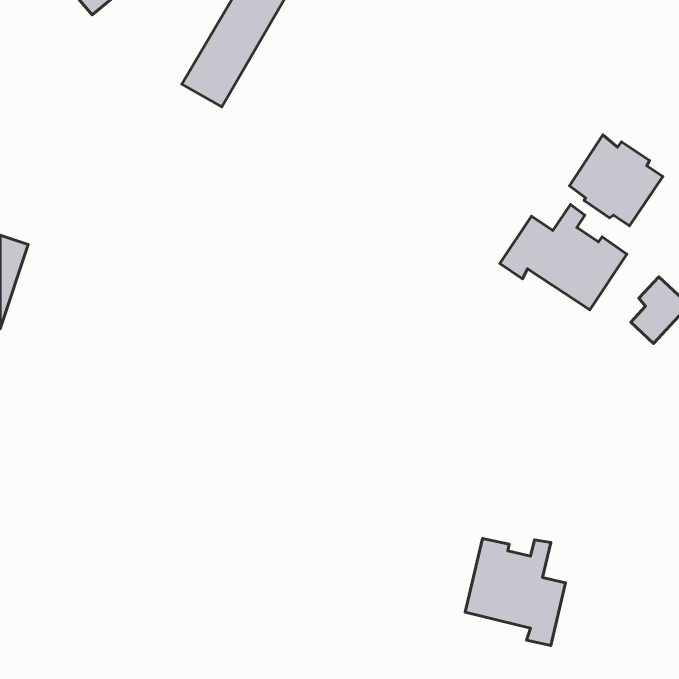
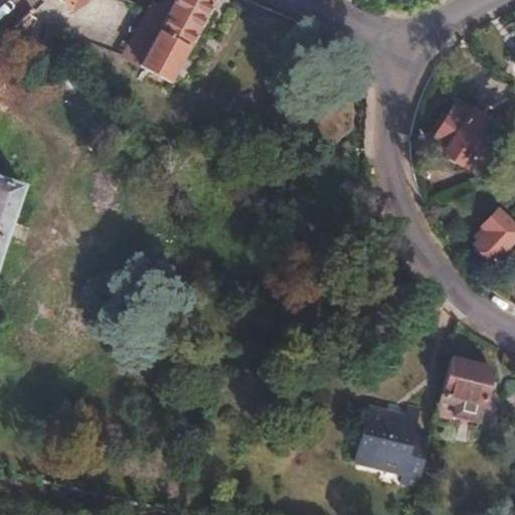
building: [500,204,627,310] -> none
building: none -> [439,357,491,422]

